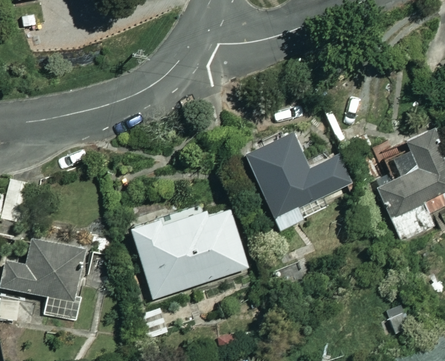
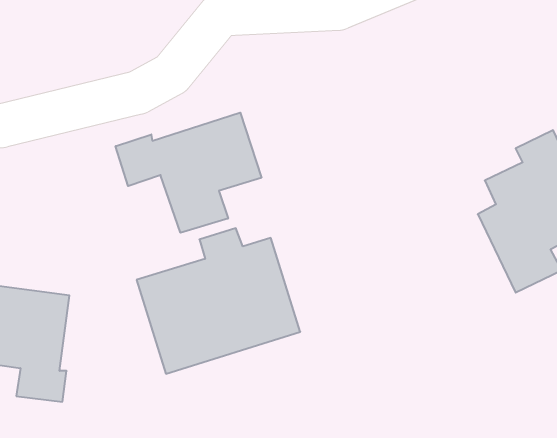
building: none -> [116,113,261,233]
building: [243,130,352,233] -> none

